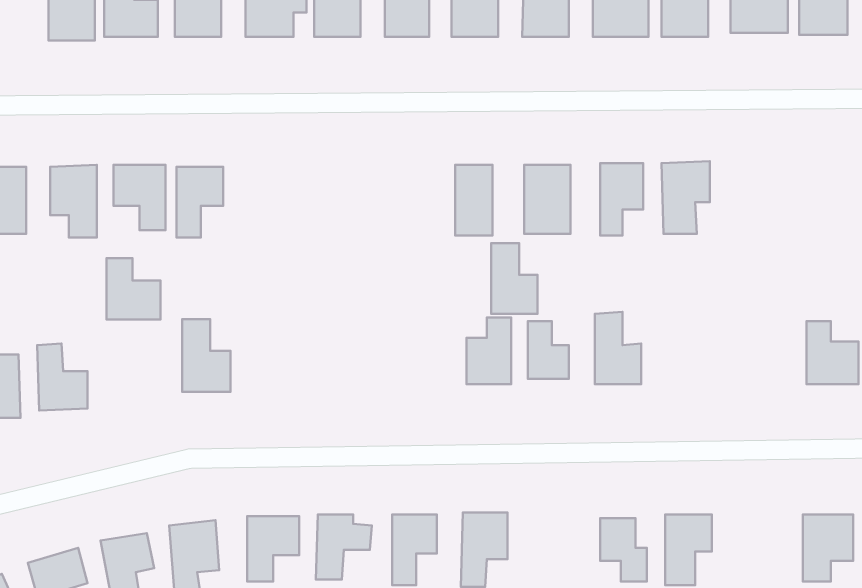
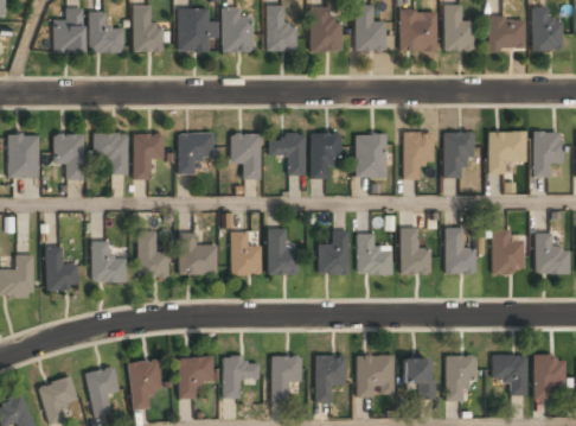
building: none -> [488,131,526,173]
building: none -> [533,131,562,176]
building: none -> [230,133,260,178]
building: none -> [178,134,212,174]
building: none -> [269,134,303,174]
building: [491,243,538,314] -> [268,228,297,273]
building: [107,258,161,320] -> [91,242,126,281]
building: none -> [447,227,472,269]
building: none -> [492,229,524,272]
building: none -> [231,231,260,273]
building: none -> [179,233,216,274]
building: none -> [493,355,526,395]
building: none -> [357,356,393,396]

